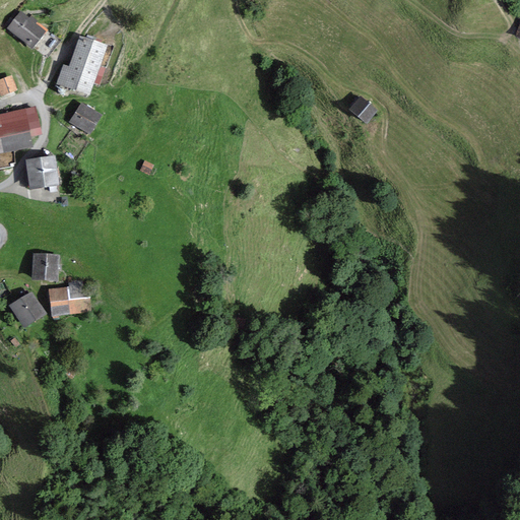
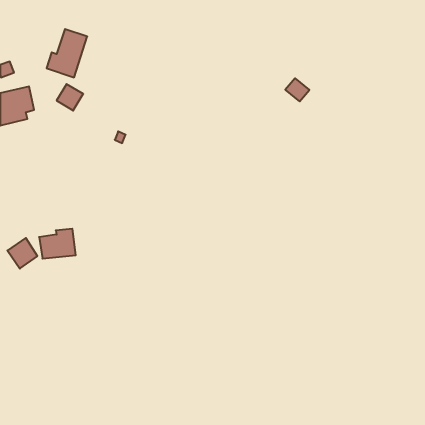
building: [4,10,47,49] -> none
building: [25,155,59,189] -> none
building: [31,253,60,281] -> none

